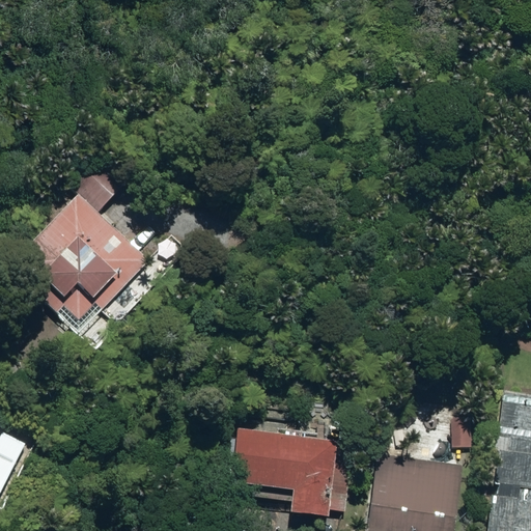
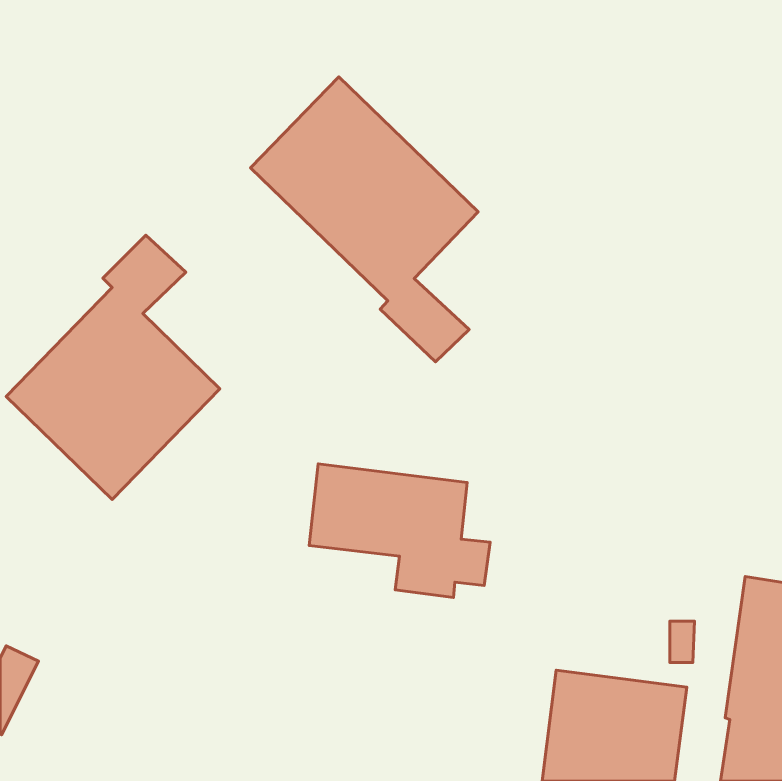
building: none -> [251,77,478,362]
building: [230,429,353,520] -> [309,464,490,598]

